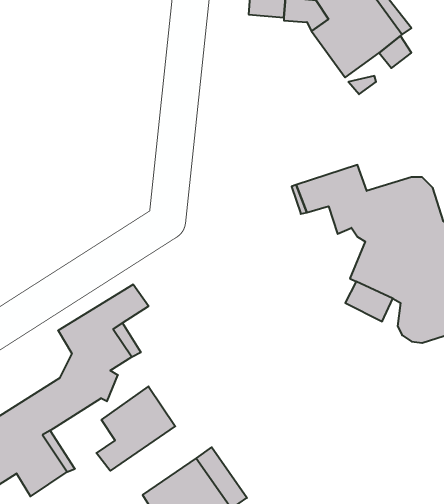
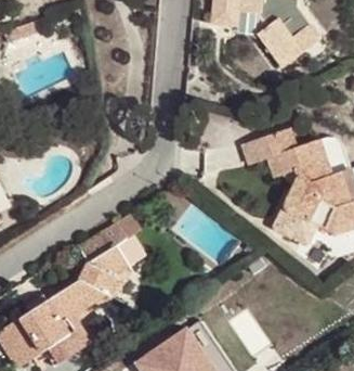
building: [96,386,175,471] -> none

